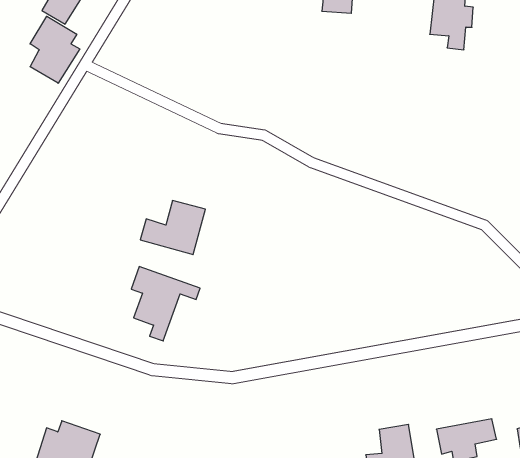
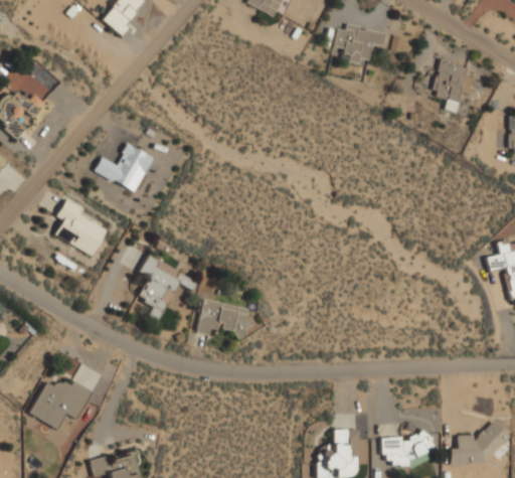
building: [30,16,80,83] -> none
building: [140,201,205,255] -> [94,143,154,192]
building: none -> [55,198,108,256]
building: none -> [198,299,250,335]

